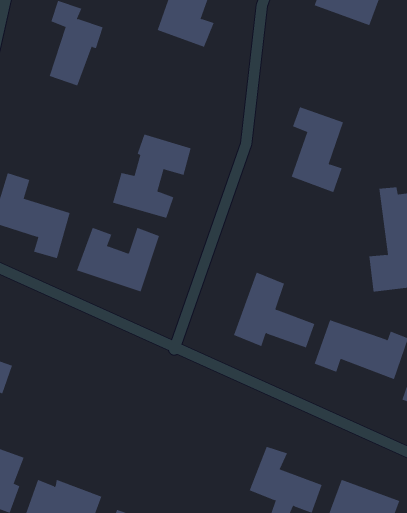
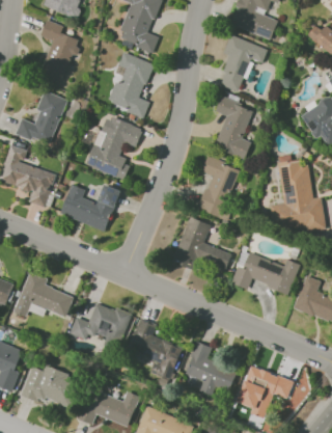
building: none -> [218,34,267,92]
building: none -> [106,52,153,116]
building: none -> [15,90,66,146]
building: none -> [197,157,241,218]
building: none -> [13,270,74,317]
building: none -> [70,302,130,340]
building: none -> [128,318,182,380]

